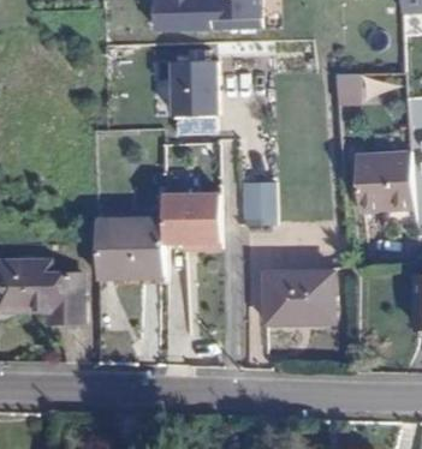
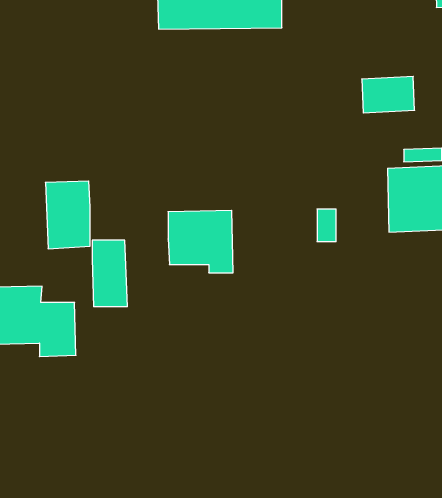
building: [170,60,216,114] -> none
building: [239,182,274,221] -> none
building: [123,217,162,277] -> [45,181,90,249]
building: [263,271,333,324] -> none

